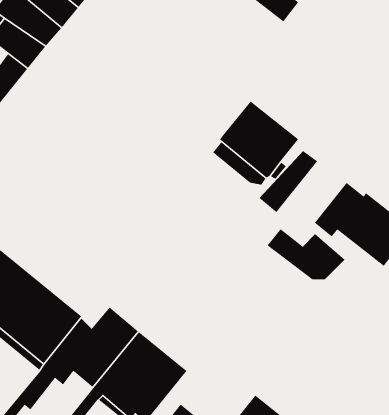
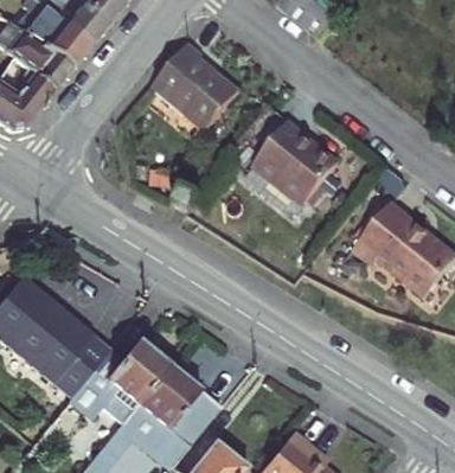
building: none -> [152,40,239,128]
building: [259,150,318,213] -> none
building: [267,228,346,280] -> none

